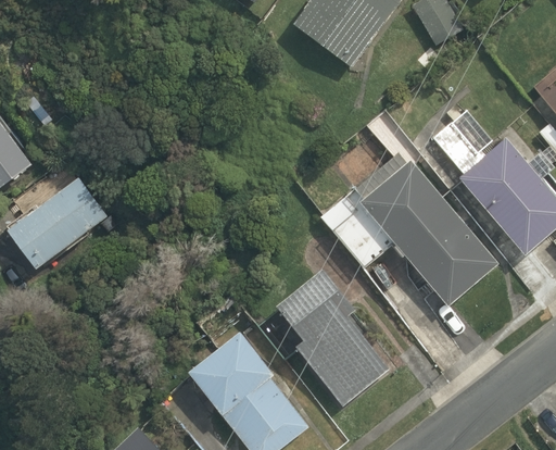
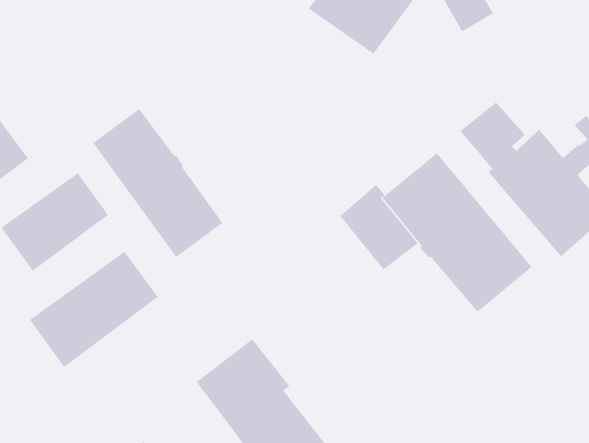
building: none -> [92,108,223,258]
building: none -> [29,251,159,368]
building: [276,267,389,405] -> none

